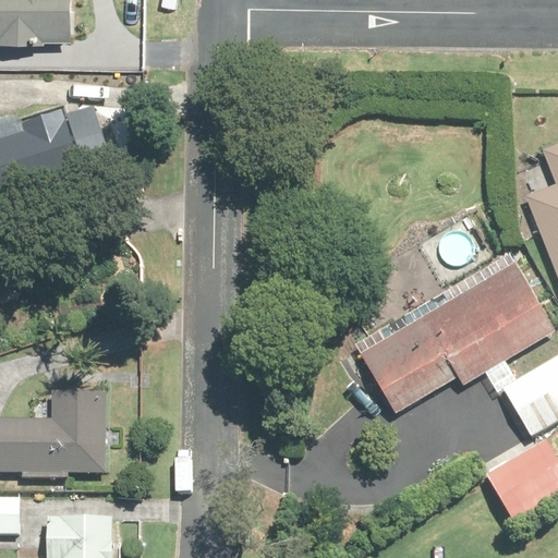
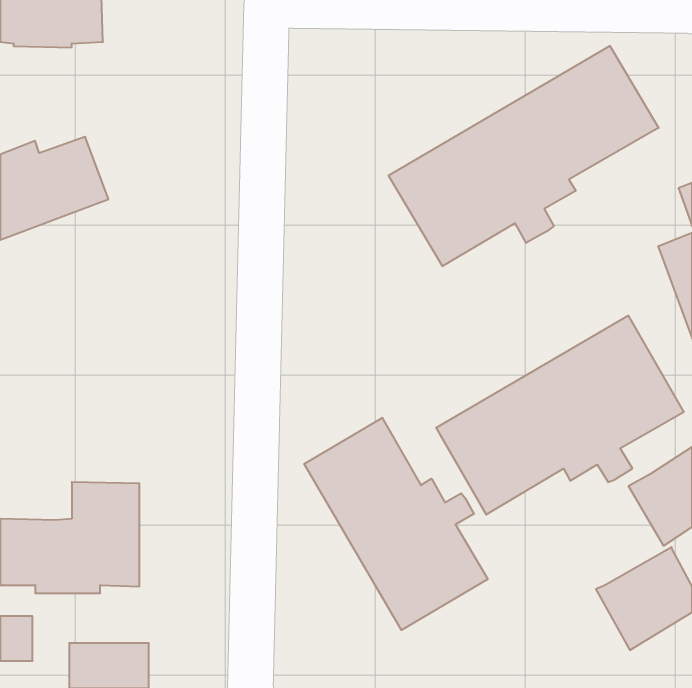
building: none -> [389,46,659,266]
building: none -> [304,418,488,630]

